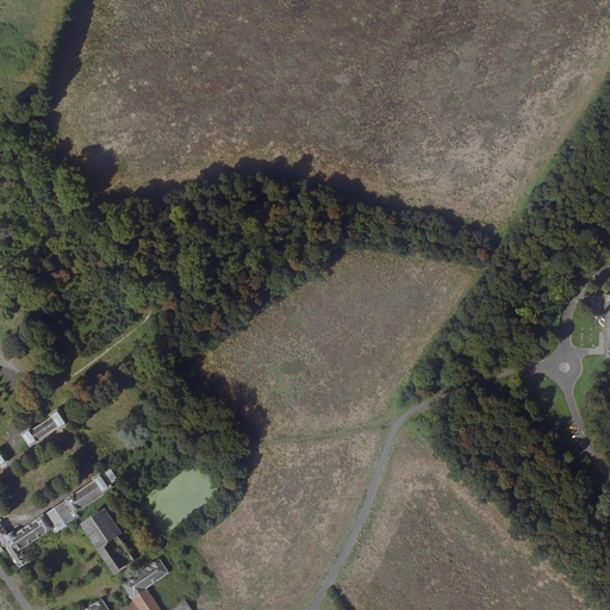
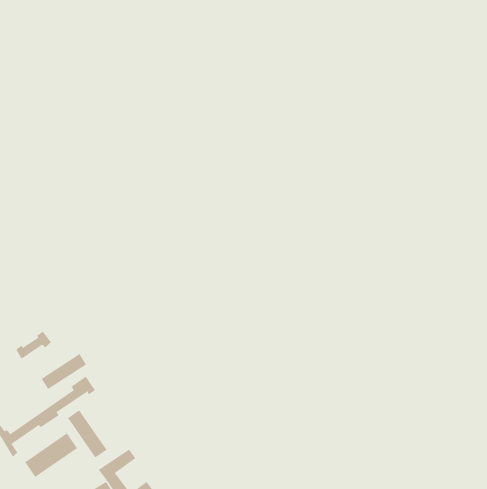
building: none -> [41,353,87,390]
building: none -> [24,432,78,478]

